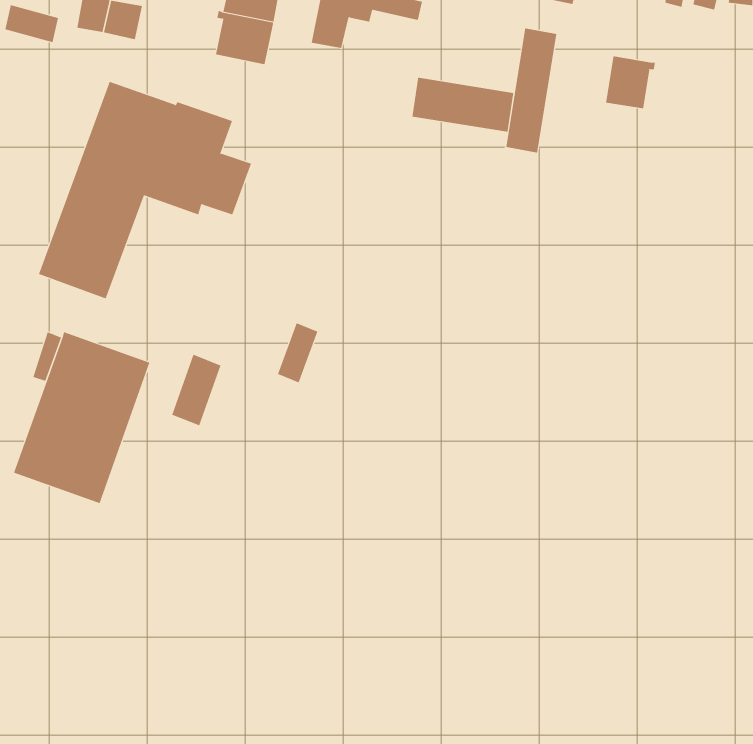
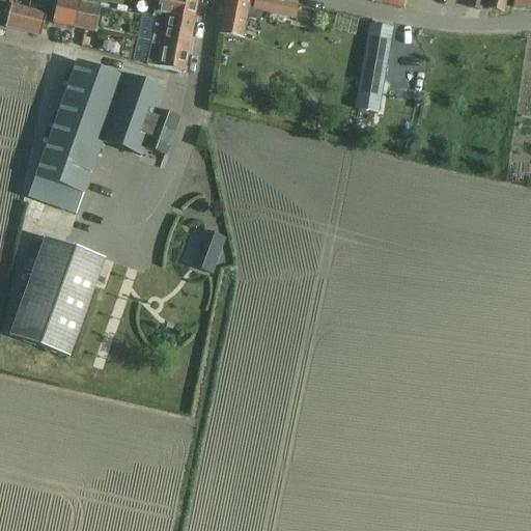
building: none -> [147,38,187,68]
building: [605,55,656,109] -> none
building: [412,77,514,133] -> none
building: [172,354,221,426] -> none

